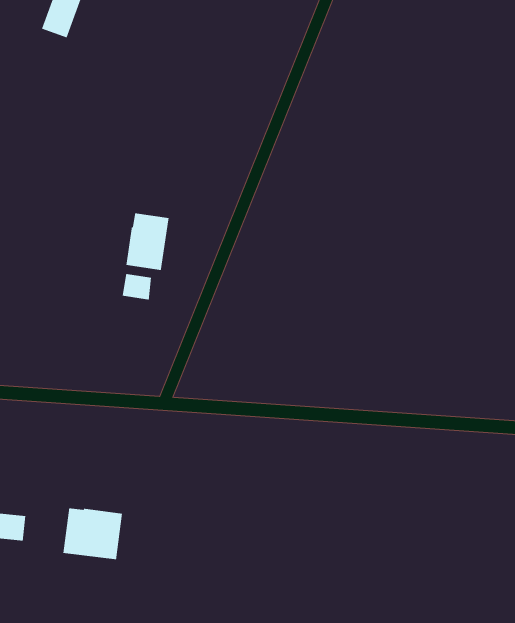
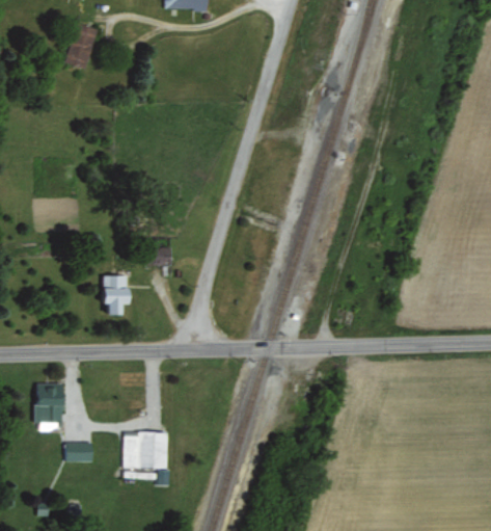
building: [126,213,169,271] -> none
building: none -> [103,274,128,315]

